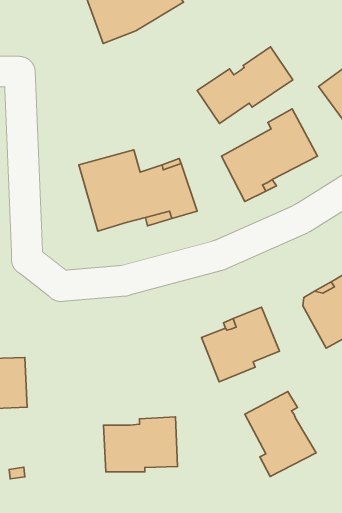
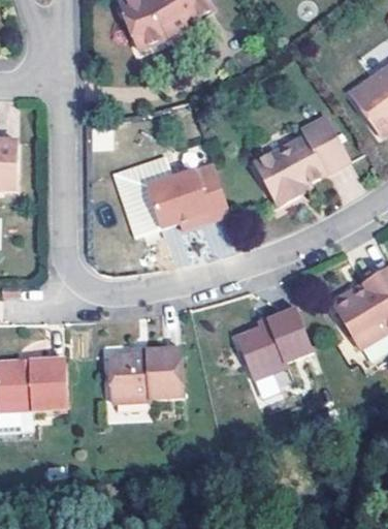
building: [197,47,293,123] -> none
building: [245,392,316,476] -> none
building: [104,417,178,472] -> [108,348,181,402]

